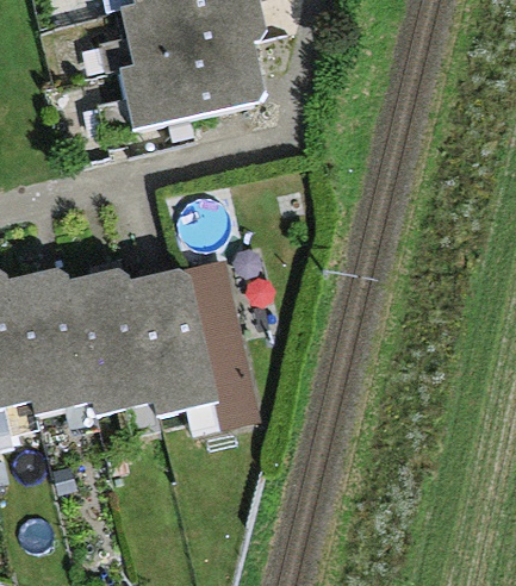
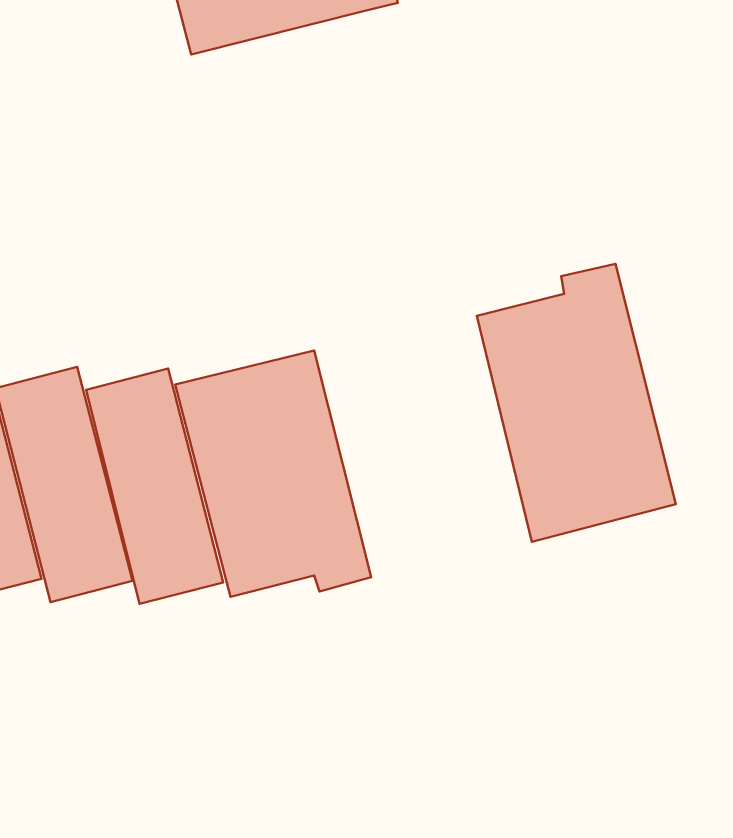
building: [119,30,267,124] -> none
building: none -> [477,264,676,542]

